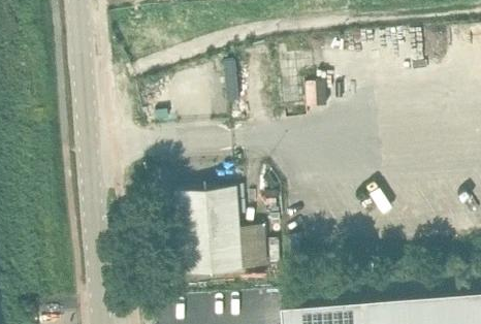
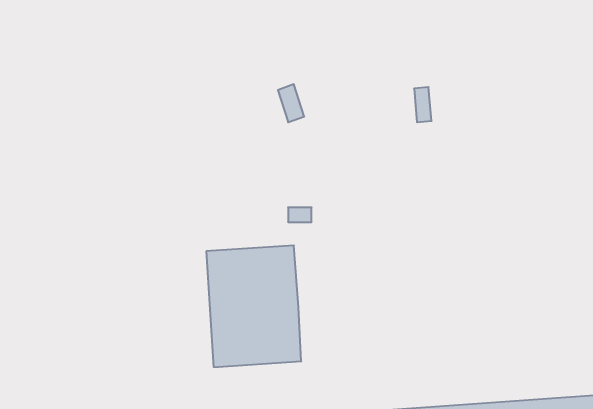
building: [239,232,258,271] -> none

